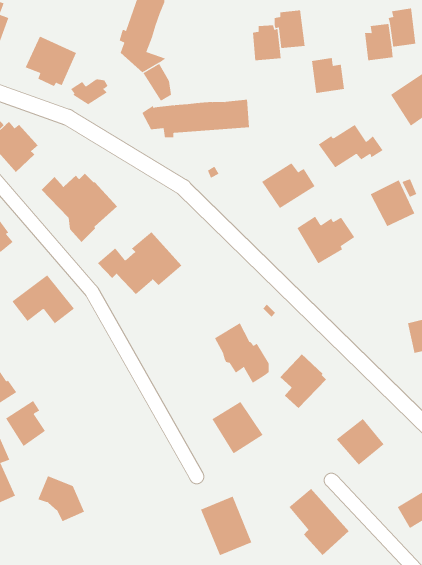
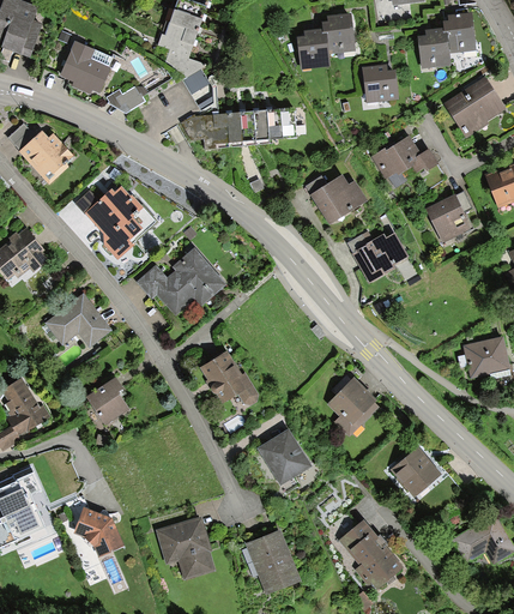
building: [214,322,270,384] -> [199,350,258,415]
building: [5,400,46,447] -> [85,375,128,425]
building: none -> [155,514,214,580]

